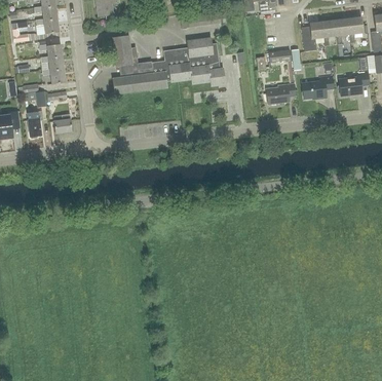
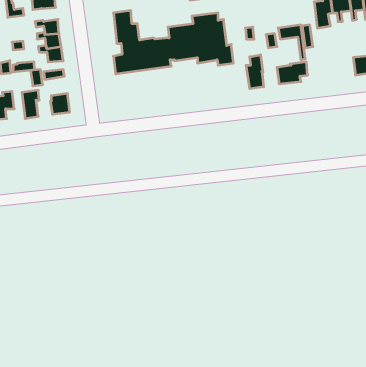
building: [302,75,334,99] -> none
building: none -> [246,55,264,89]

